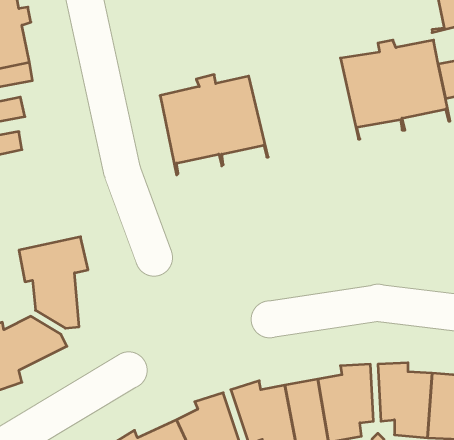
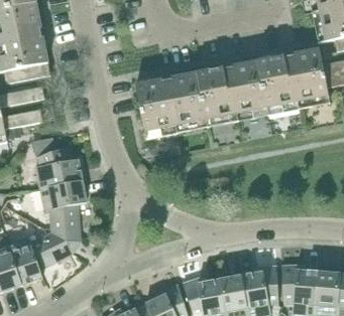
building: none -> [195,58,268,126]
building: none -> [32,136,82,188]

